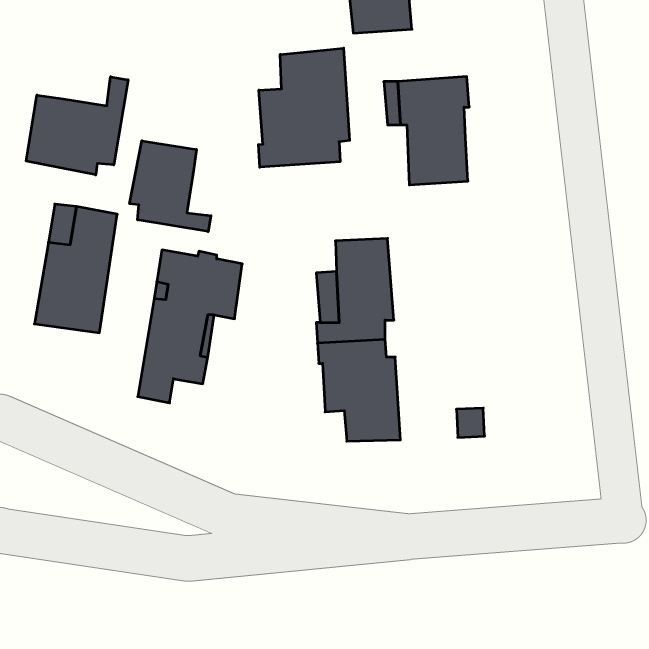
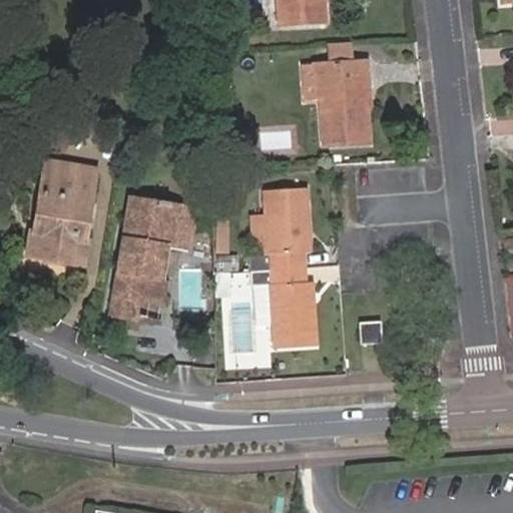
building: [258,48,350,167] -> none
building: [26,77,128,175] -> none
building: [130,141,211,232] -> none

